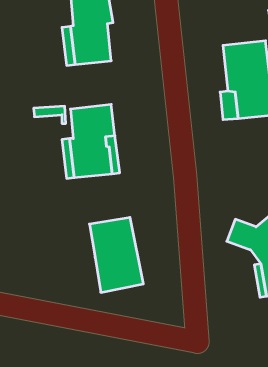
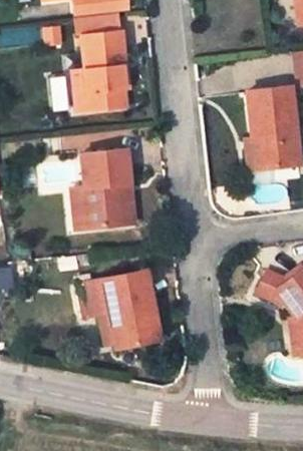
building: none -> [80,278,110,317]

